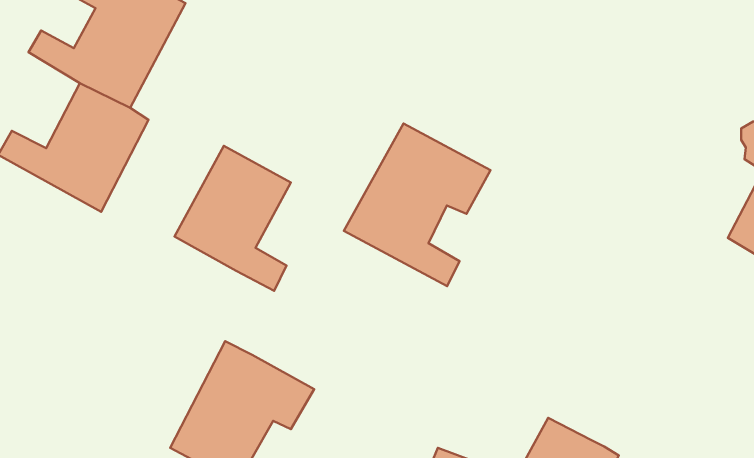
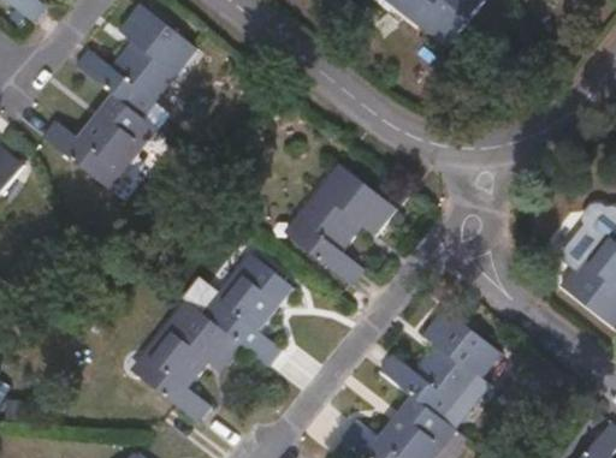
building: [174,146,291,291] -> [202,252,294,364]
building: none -> [379,308,499,422]

